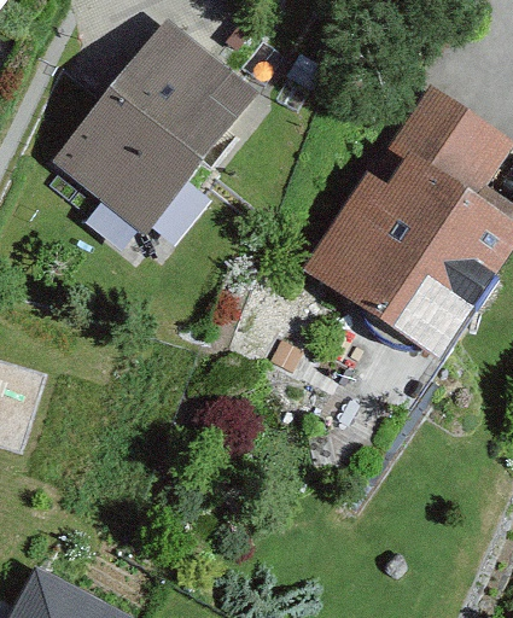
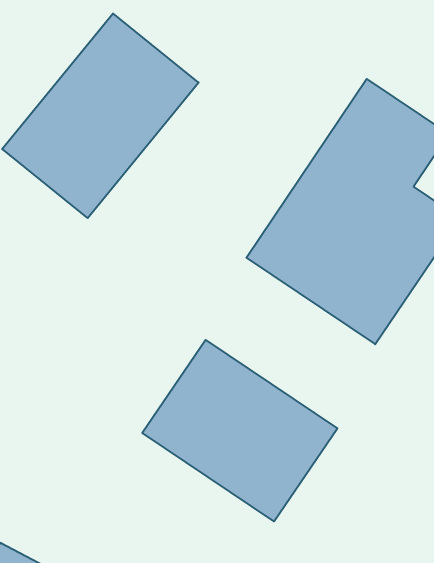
building: none -> [142,340,337,521]

